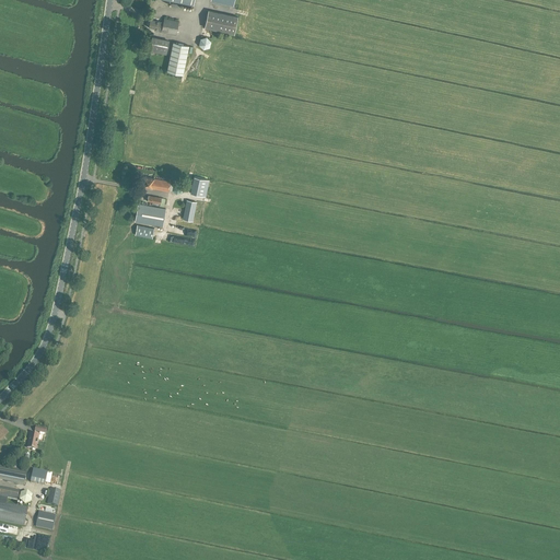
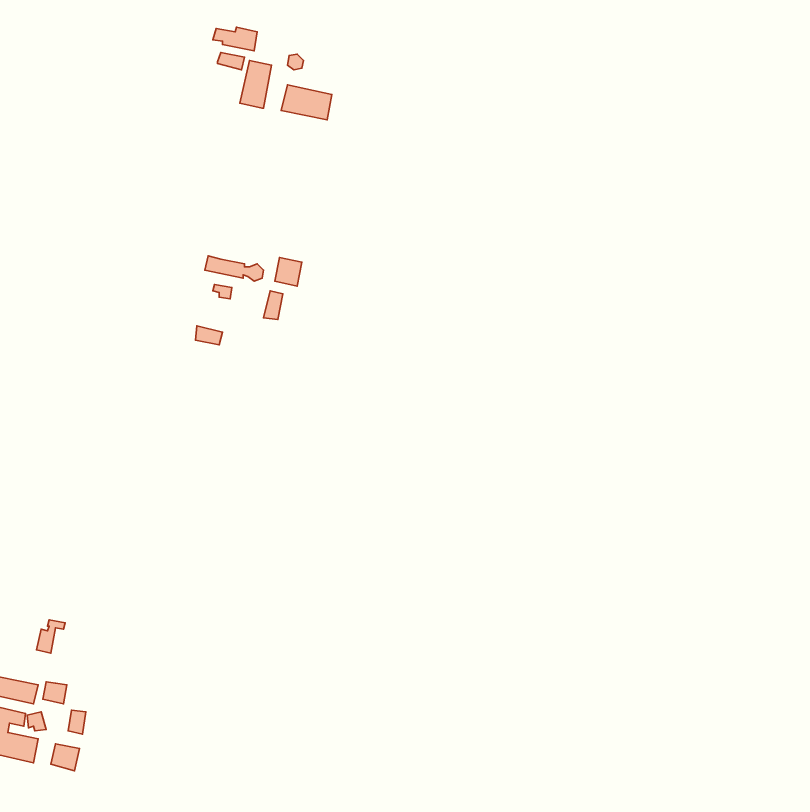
building: [202,10,237,34] -> [281,85,332,120]
building: [133,203,164,226] -> none

